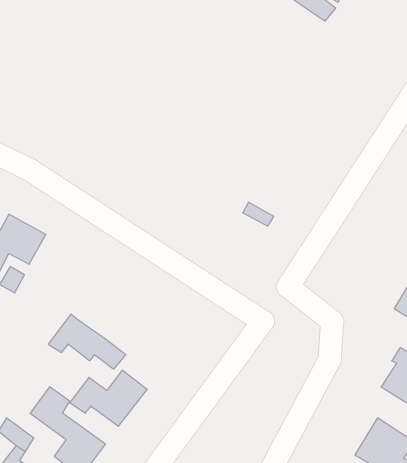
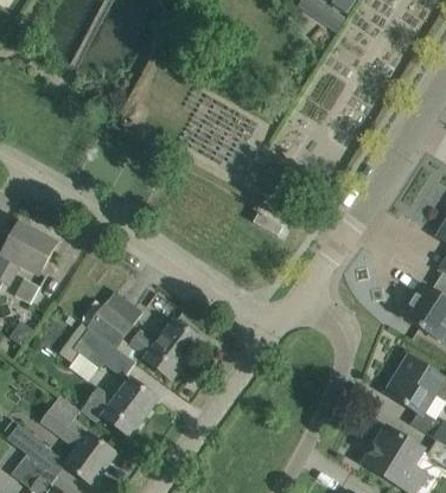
building: none -> [87,290,142,347]
building: none -> [127,320,199,378]

